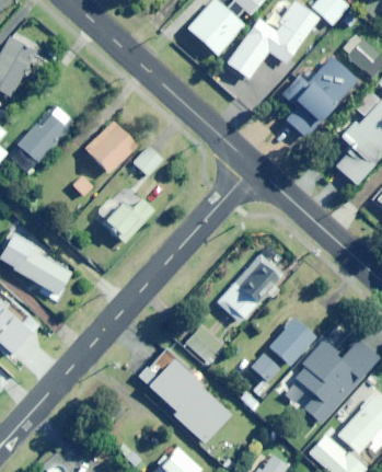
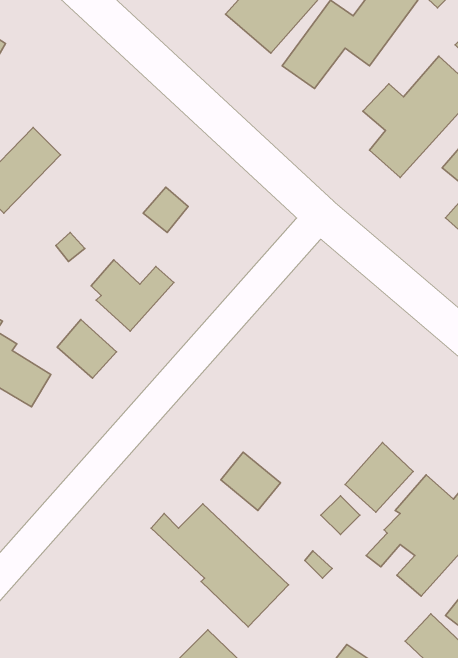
building: [84,122,136,173] -> none
building: none -> [57,319,116,378]
building: [217,260,278,323] -> none

